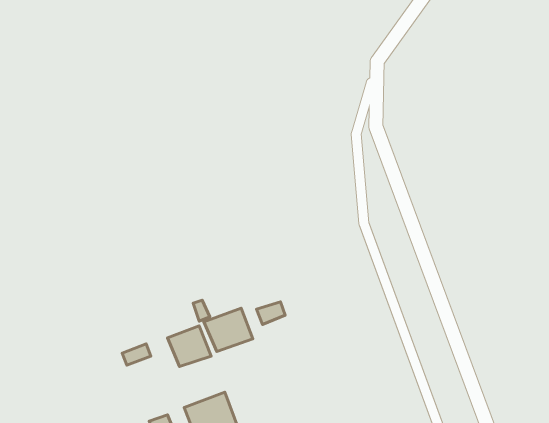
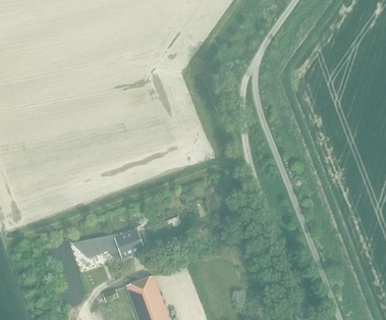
building: [204,308,253,352] -> none

